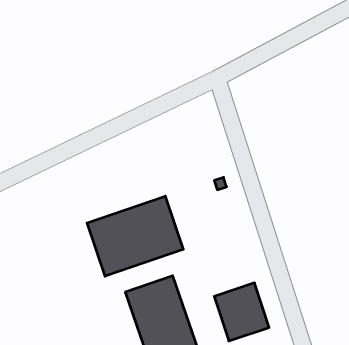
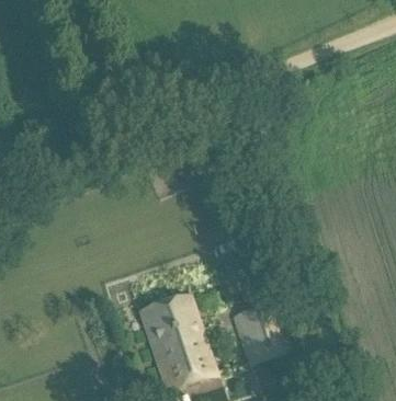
building: [87,196,183,276] -> none

